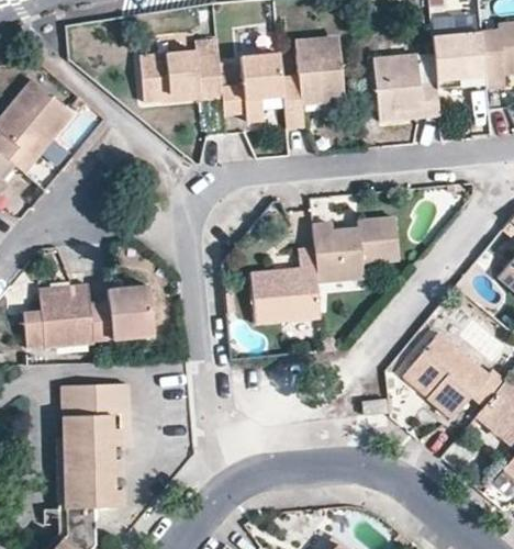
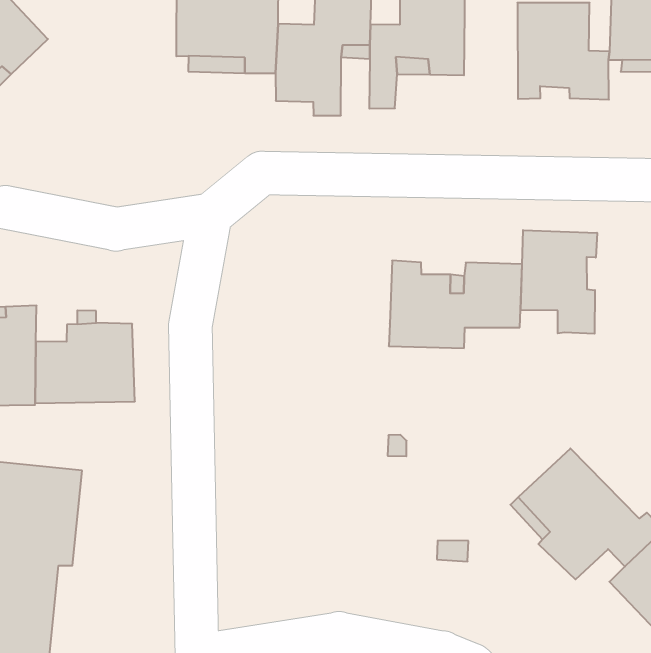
building: none -> [521,230,597,334]
building: [252,266,320,324] -> none

